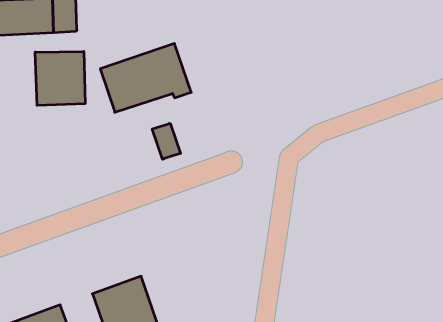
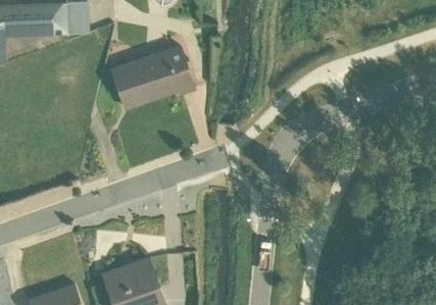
building: [35,51,85,105] -> none
building: [152,123,181,159] -> none

